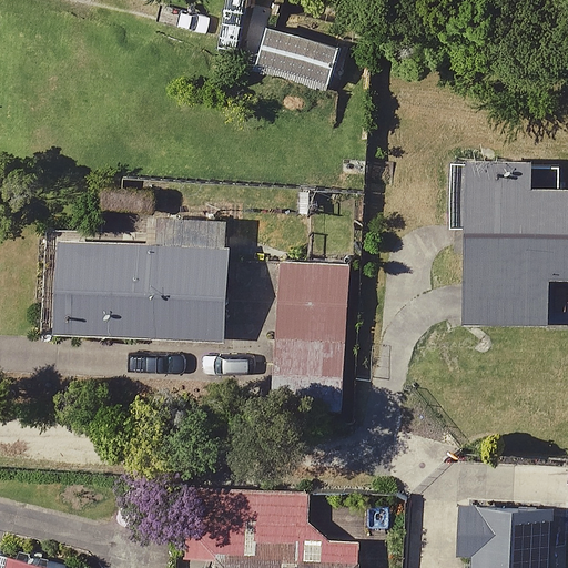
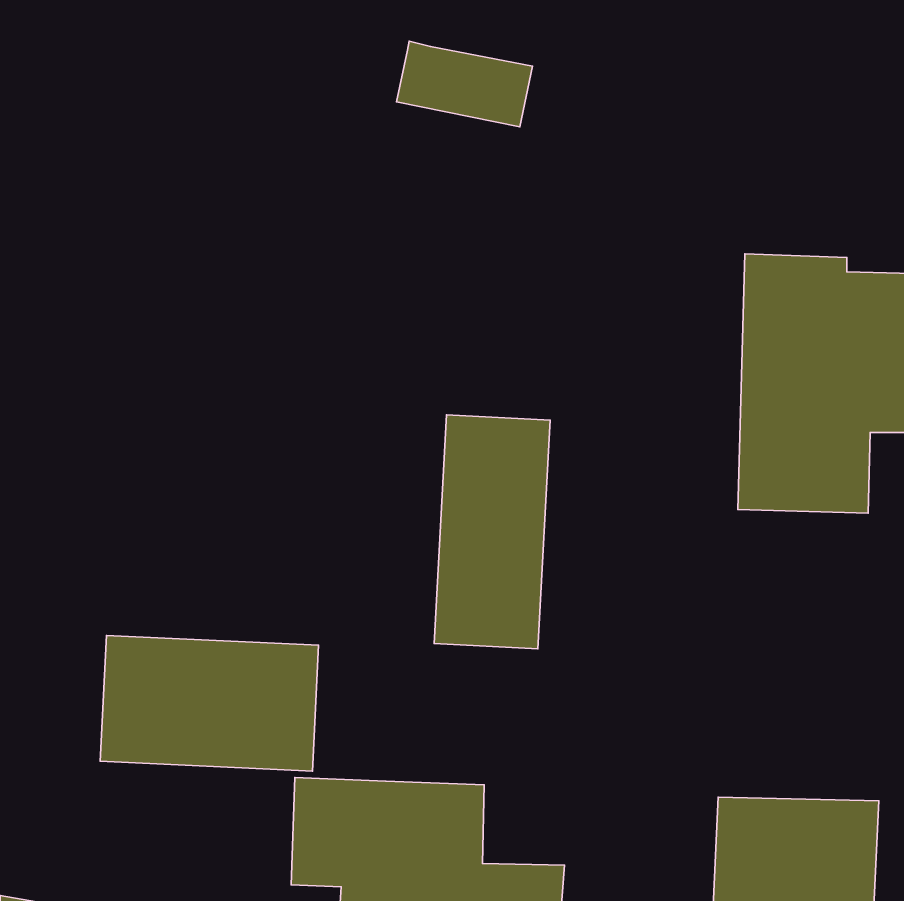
building: [53,237,227,339] -> none
building: none -> [100,635,319,771]

